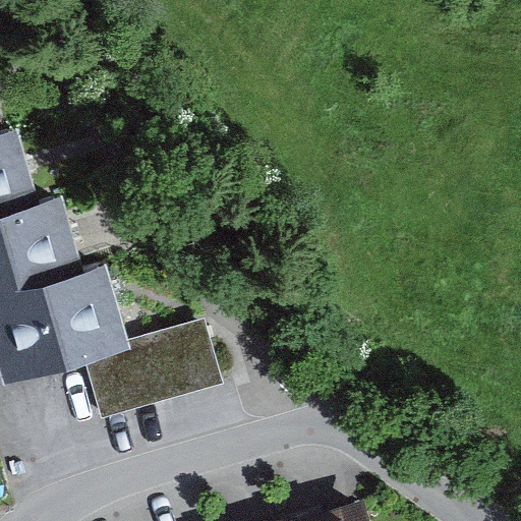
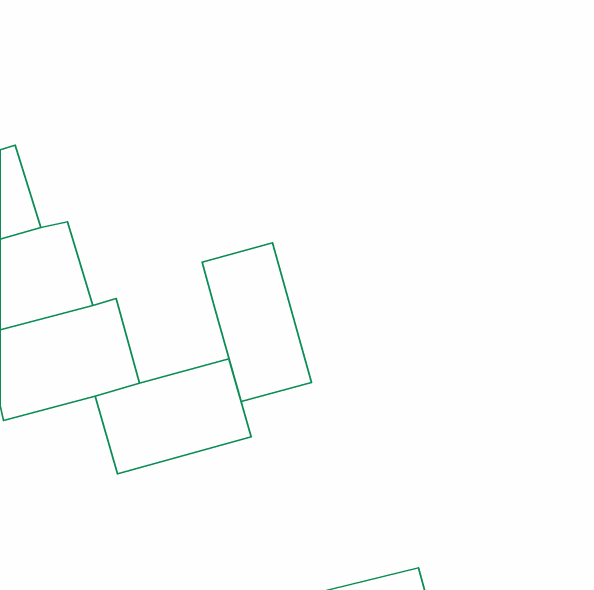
building: none -> [202,243,311,402]

